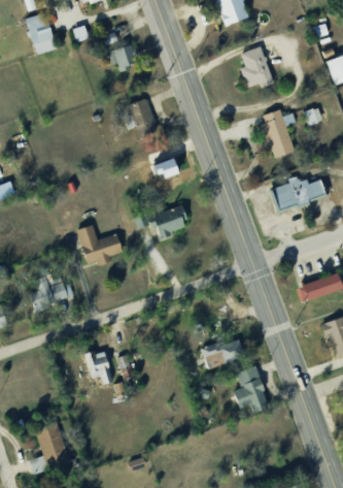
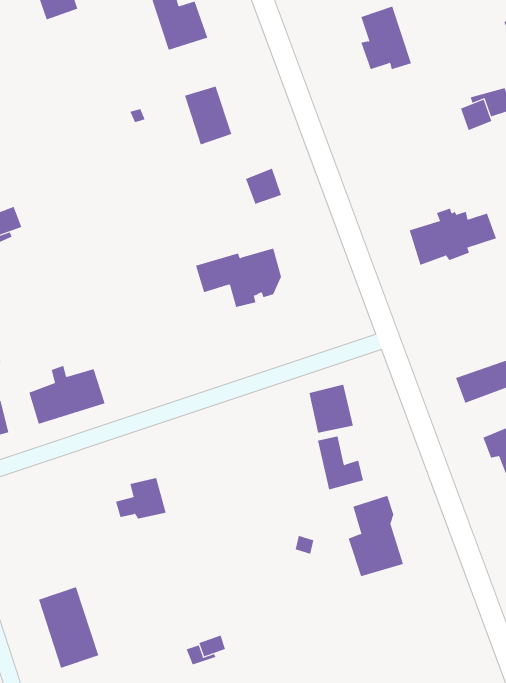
building: [261,110,294,159] -> none
building: [75,223,121,265] -> none
building: none -> [309,384,353,434]

